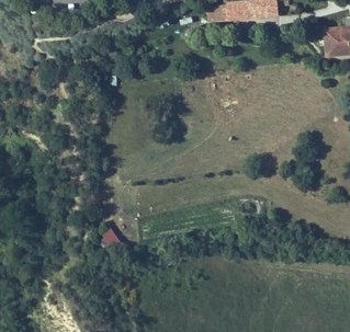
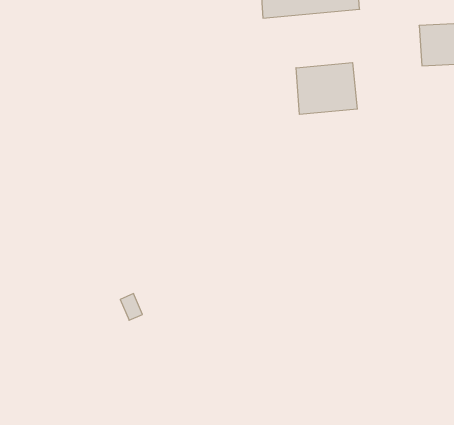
building: none -> [296,63,357,114]

